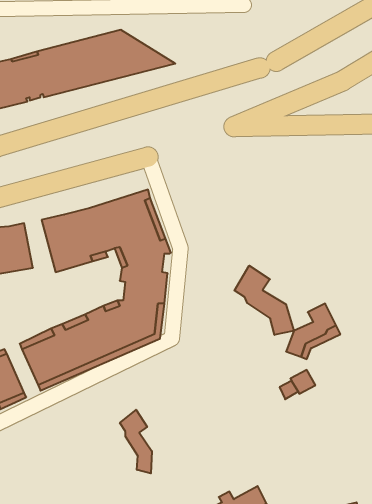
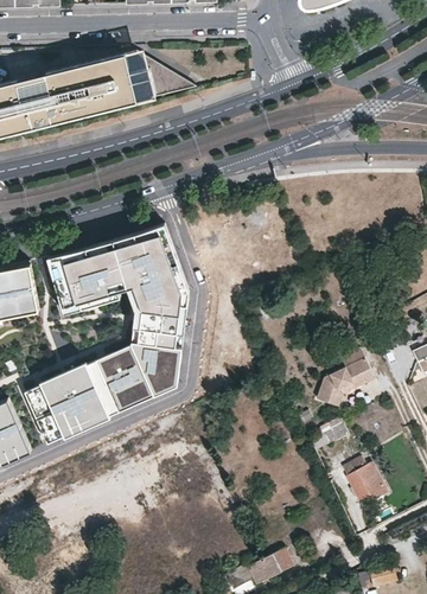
building: [234,266,294,335] -> none
building: none -> [340,456,389,503]
building: [120,410,152,473] -> none

